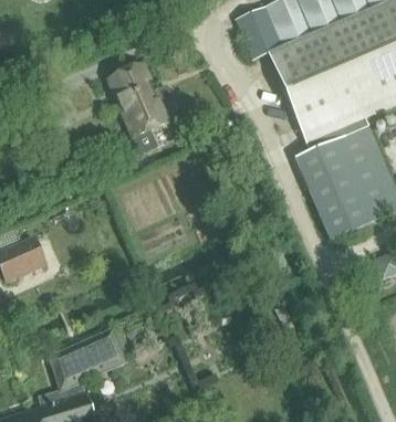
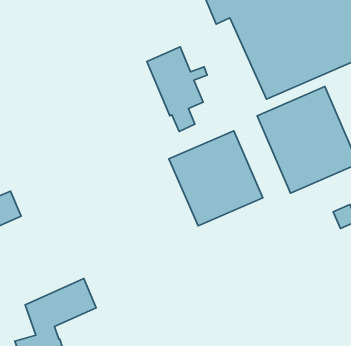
building: [107,64,171,154] -> [147,47,207,131]
building: none -> [169,131,263,226]

